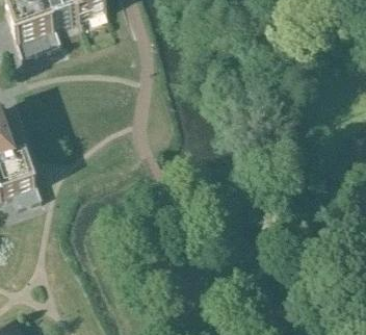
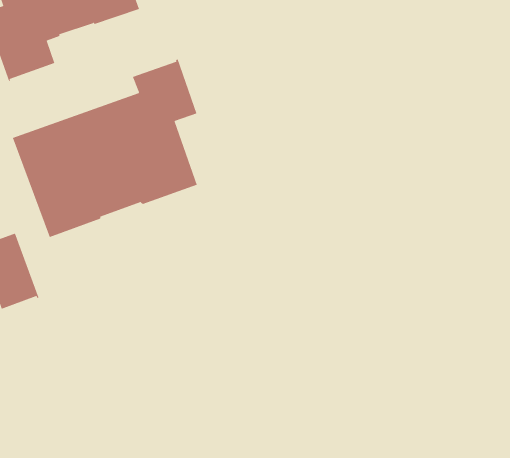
building: none -> [12,58,198,238]

